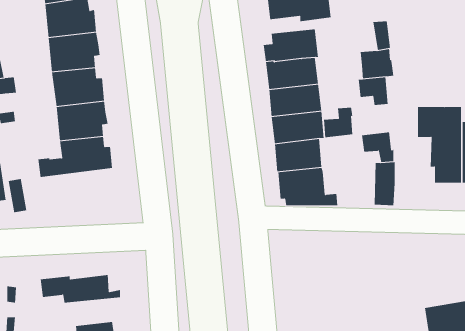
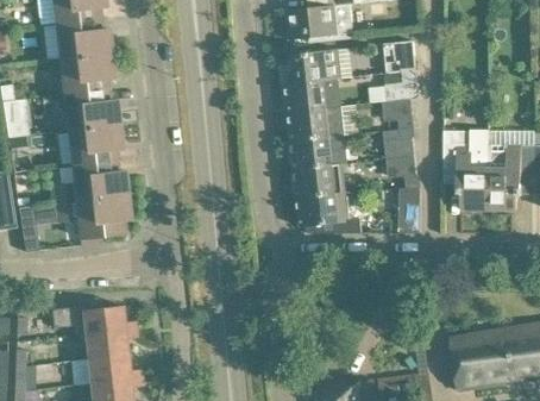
building: [323,107,353,138] -> [384,127,415,159]
building: none -> [51,194,130,237]
building: none -> [76,328,137,358]

